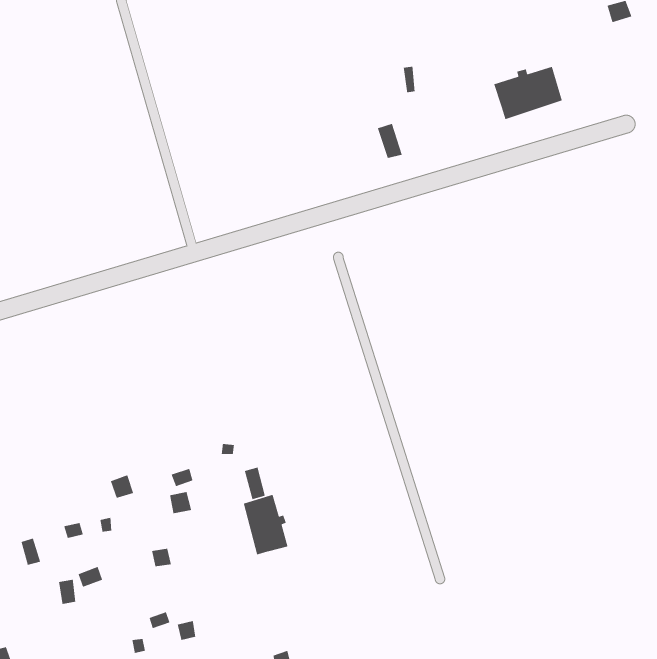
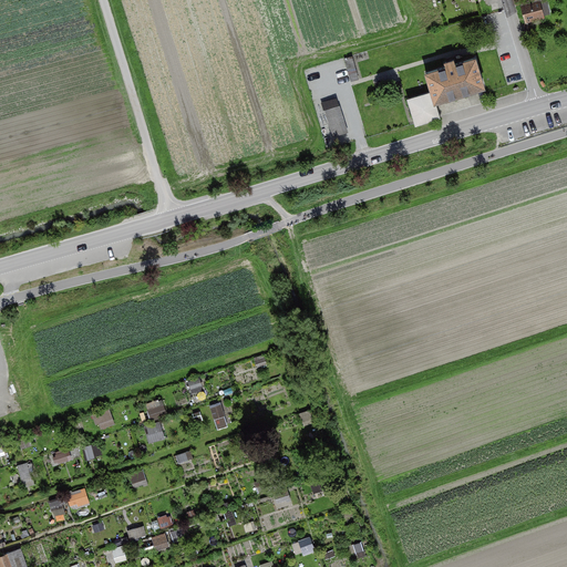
building: none -> [406,93,437,126]
building: [243,494,289,556] -> none

